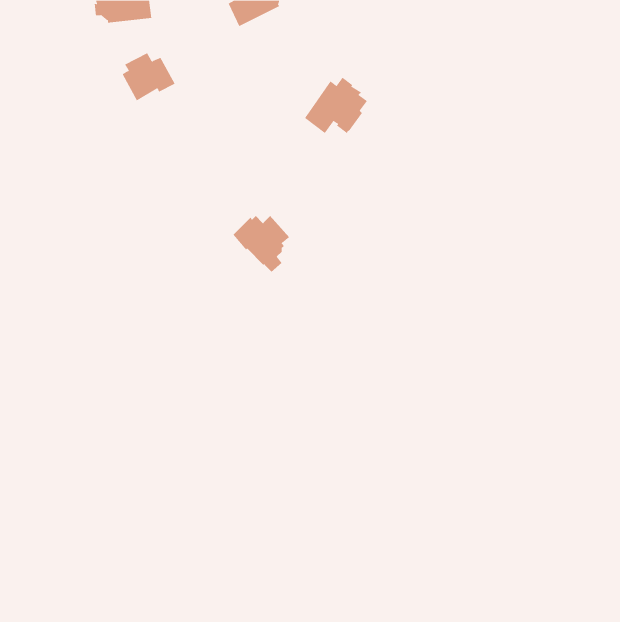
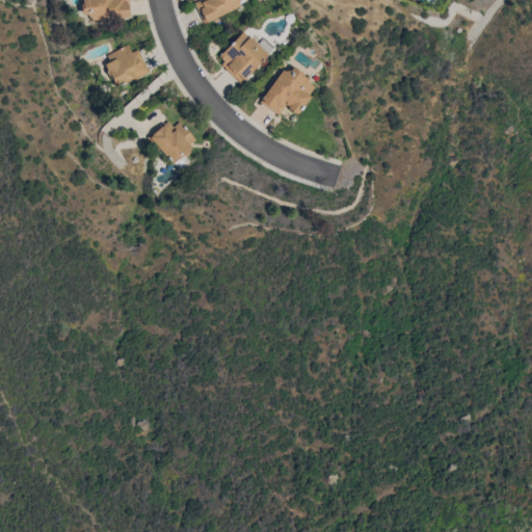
building: none -> [220,31,269,82]
building: [233,215,290,272] -> [149,121,197,169]

